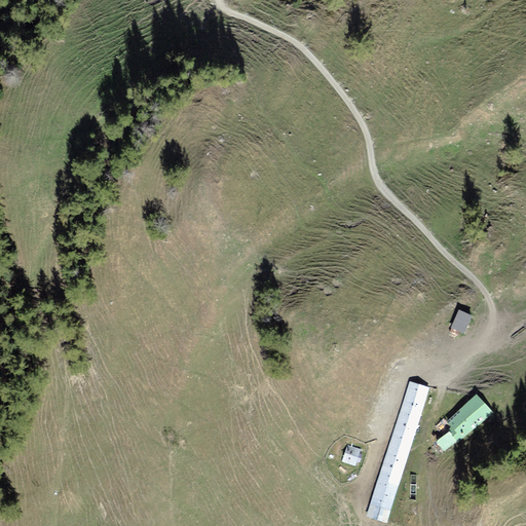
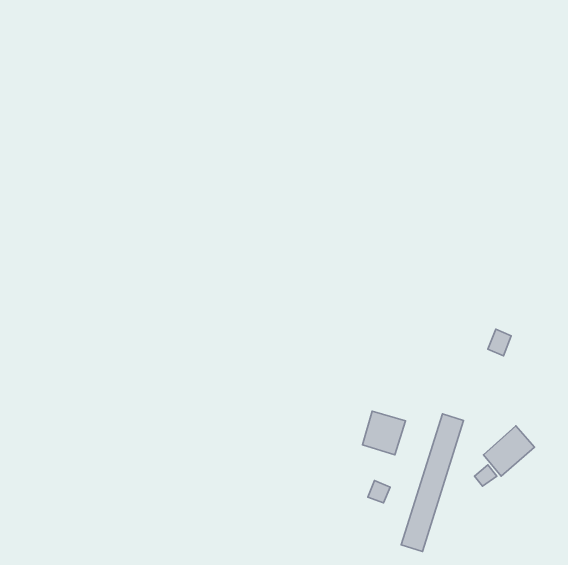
building: none -> [363,411,406,455]

